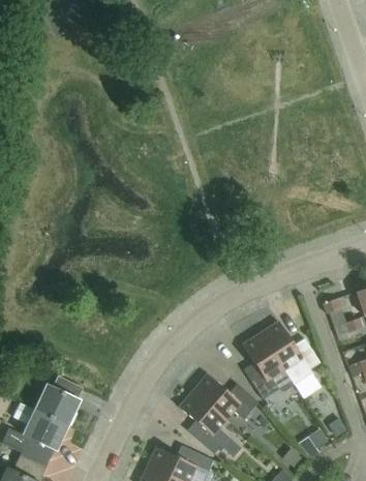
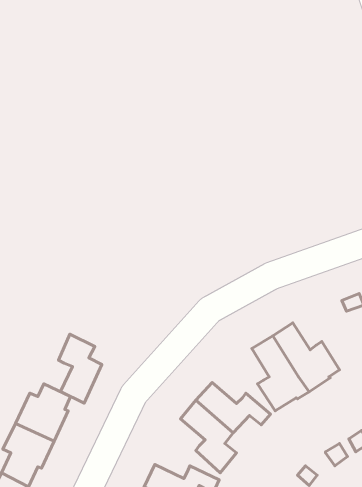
building: none -> [58,334,102,403]

